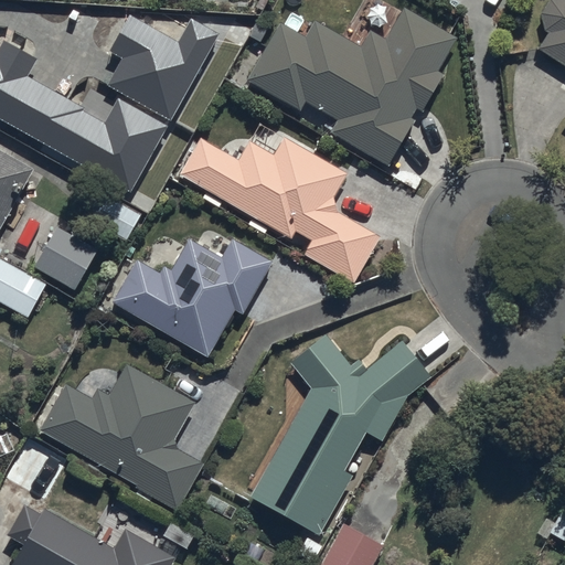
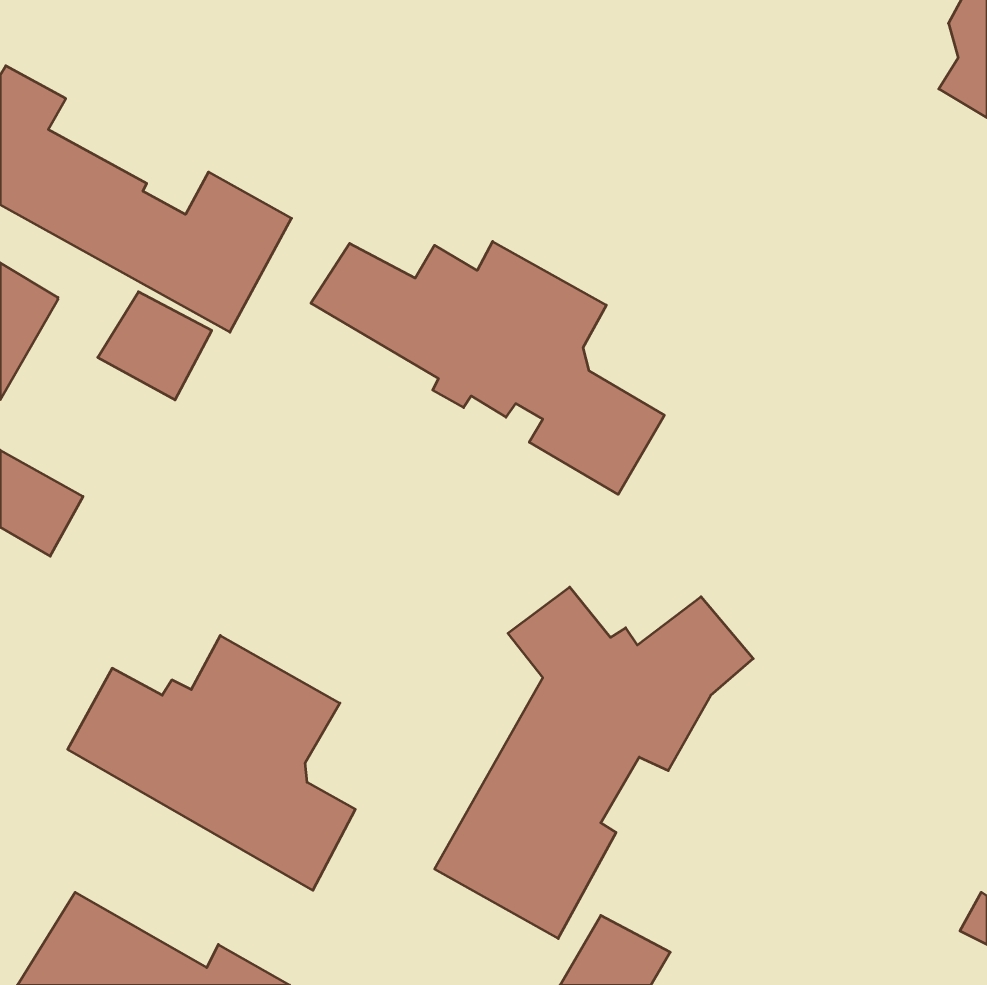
building: [245,6,458,164] -> none
building: [108,12,218,119] -> none
building: [32,227,97,289] -> [98,292,212,400]
building: [110,237,273,356] -> none

